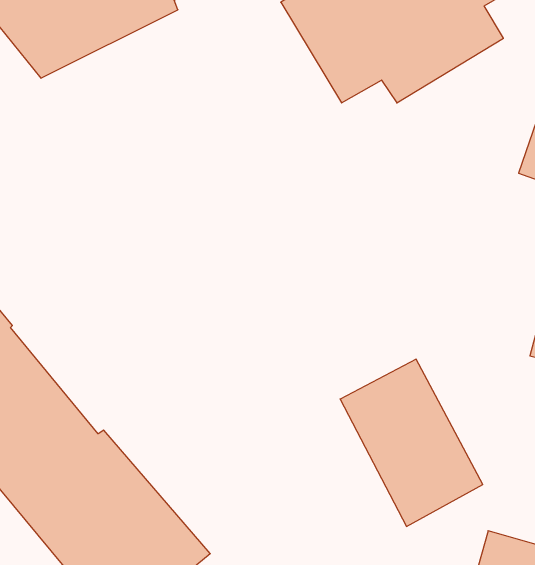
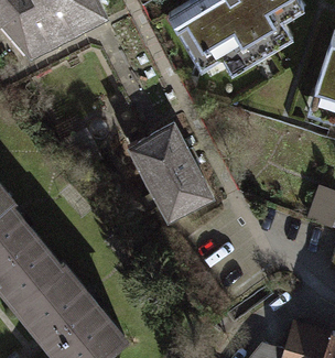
building: [340,359,483,526] -> [130,126,213,223]

